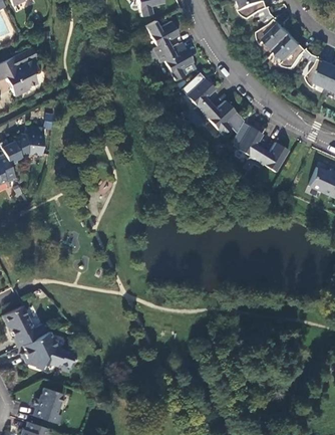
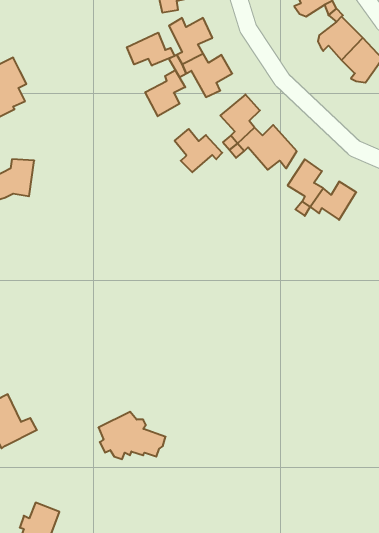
building: none -> [127,33,174,66]
building: none -> [145,70,185,116]
building: none -> [175,129,222,172]
building: [21,333,72,369] -> [98,412,166,459]

